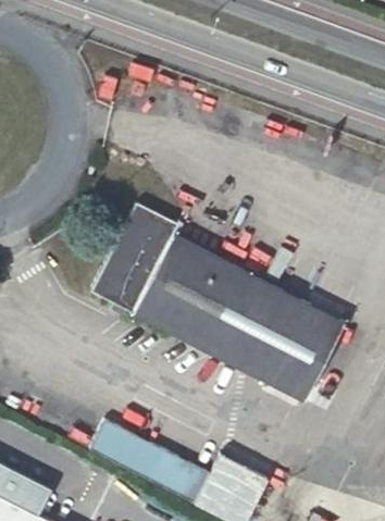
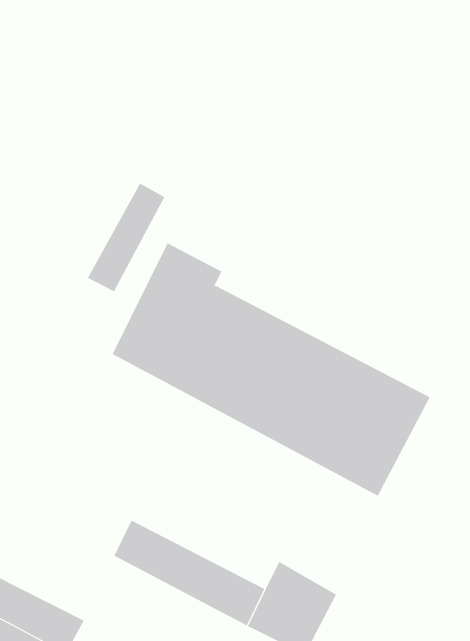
building: none -> [87,183,165,292]

